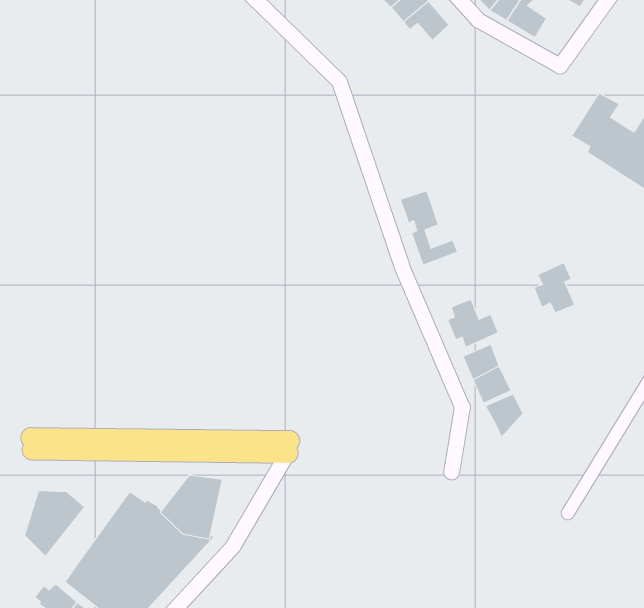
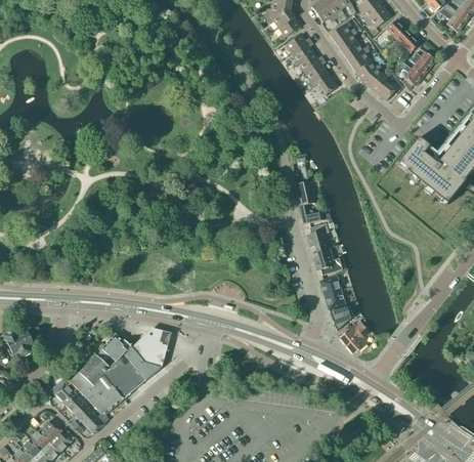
building: [534,262,575,313] -> [306,222,329,251]
building: none -> [339,321,369,354]
building: [24,491,85,557] -> none

